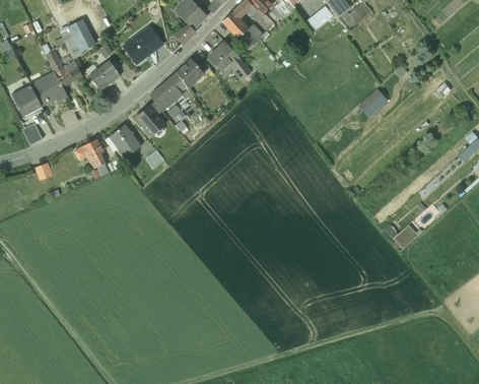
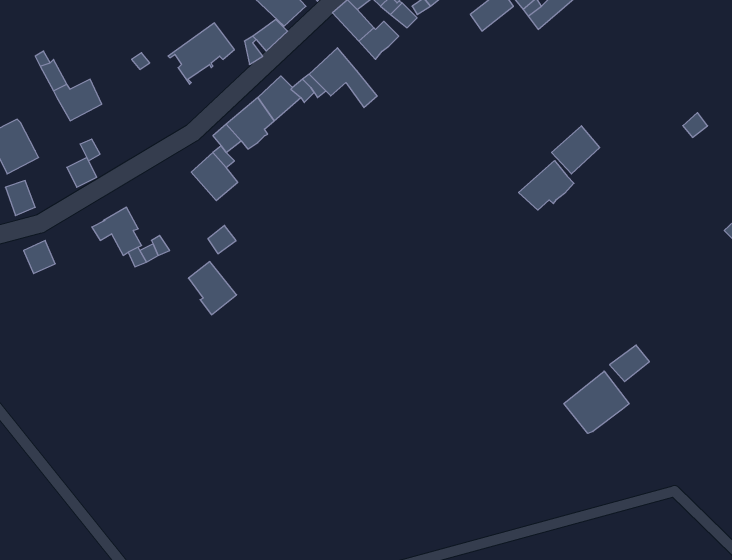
building: [59,17,97,57] -> none
building: [89,61,120,90] -> none
building: [31,72,67,105] -> none
building: none -> [519,161,574,210]
building: [112,125,141,157] -> [188,262,237,315]
building: none -> [564,371,629,433]

